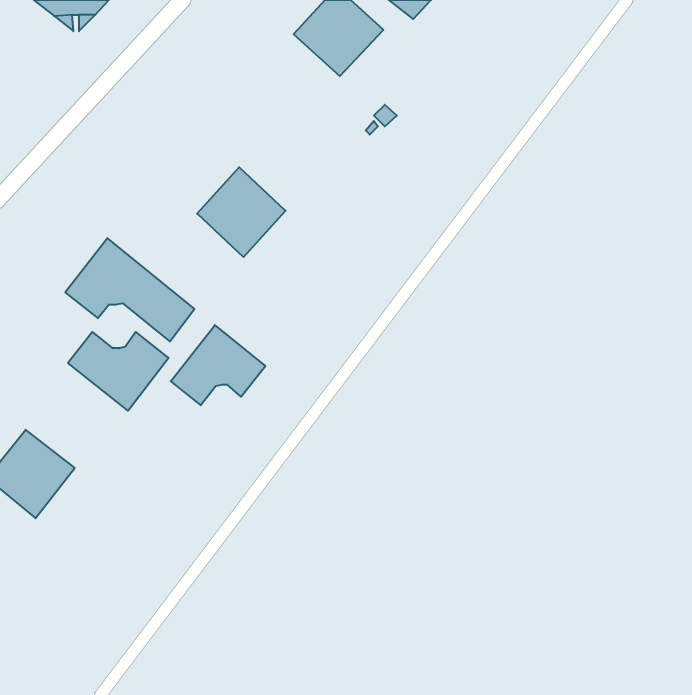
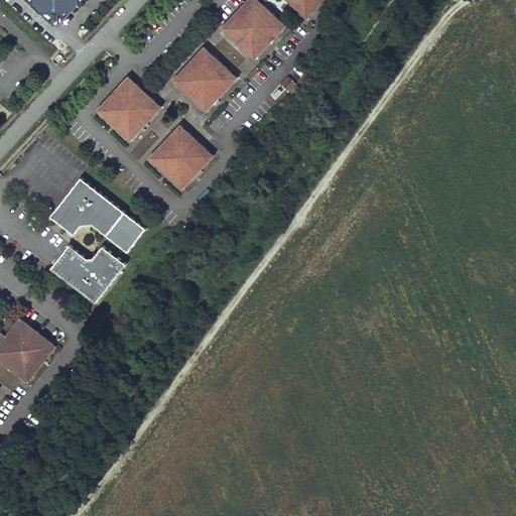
building: none -> [170,47,236,113]
building: none -> [95,77,160,141]
building: [171,325,265,405] -> none

